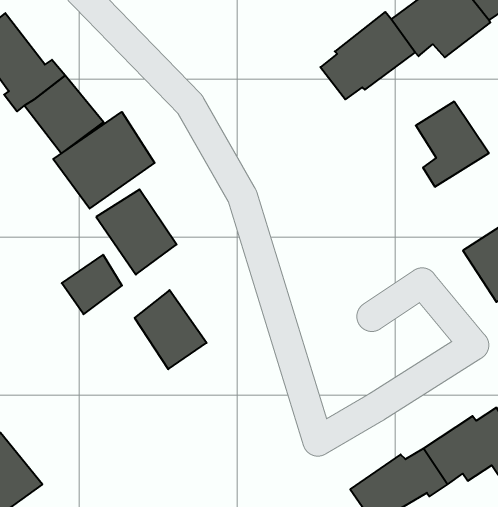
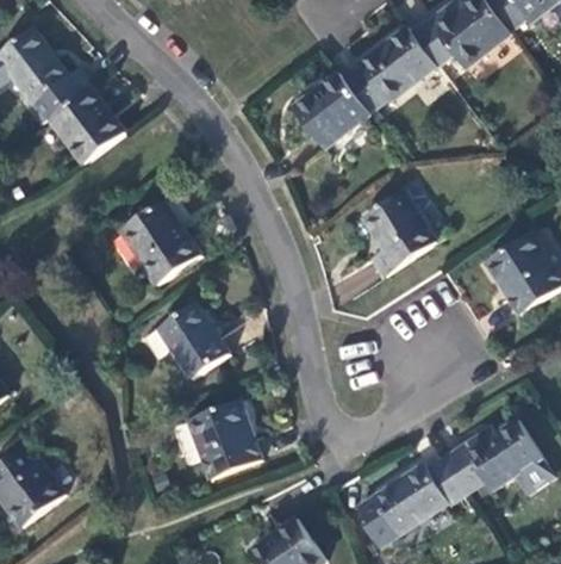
building: none -> [292,73,369,150]
building: [416,102,489,187] -> [362,191,435,275]
building: [53,112,155,209] -> none
building: [62,255,122,314] -> none
building: none -> [186,398,260,479]

